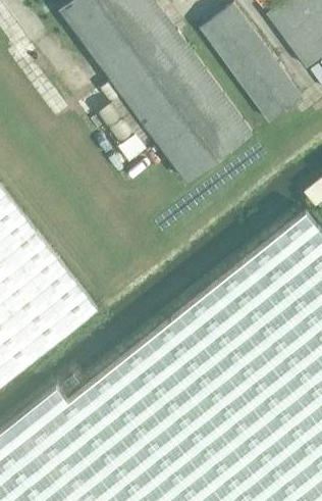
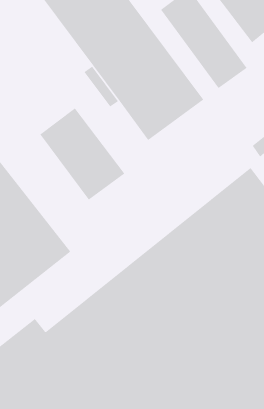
building: none -> [39,107,125,200]

